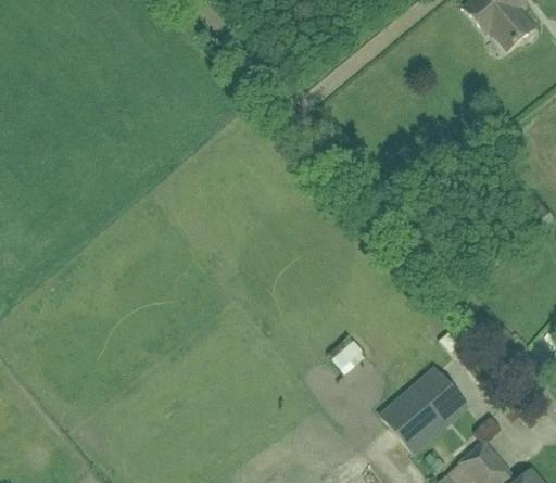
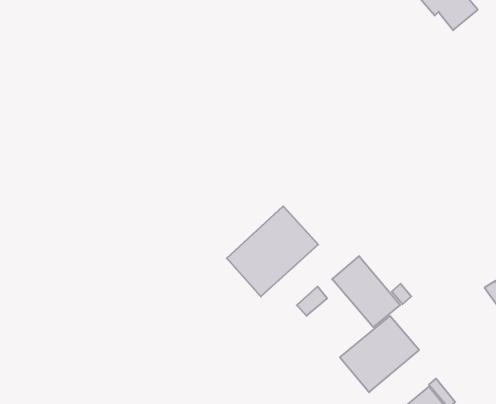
building: none -> [227,206,318,297]
building: none -> [332,256,400,327]

